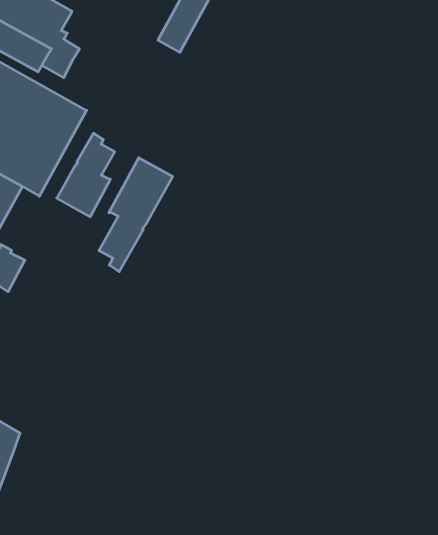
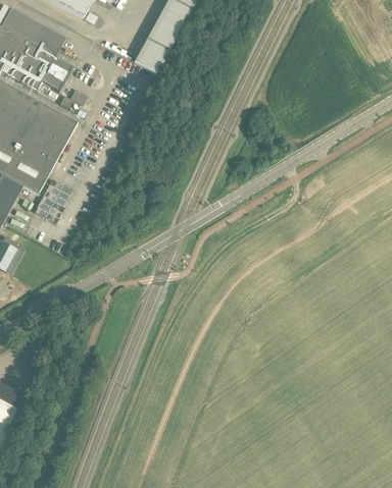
building: [57,133,115,217] -> none
building: [99,158,173,272] -> none

